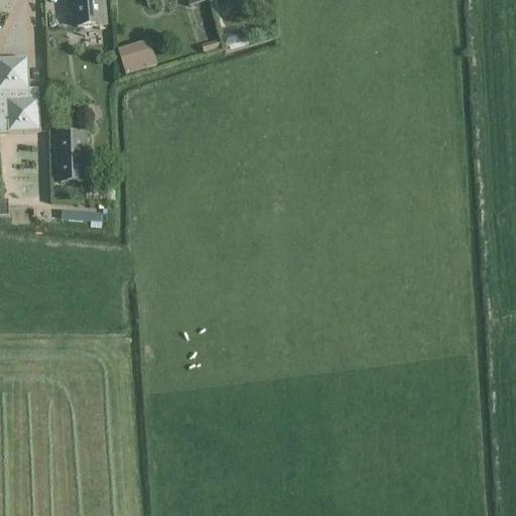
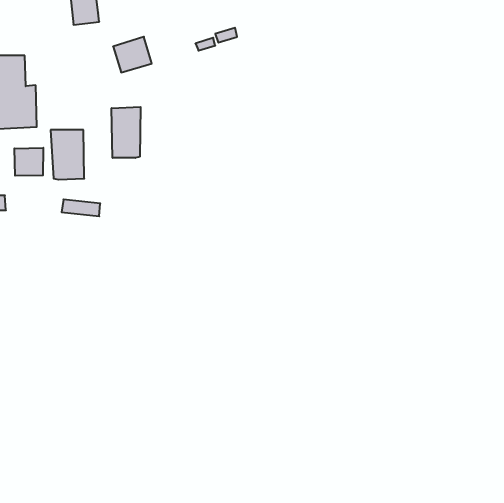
building: none -> [112,107,141,158]
building: none -> [14,148,43,176]

